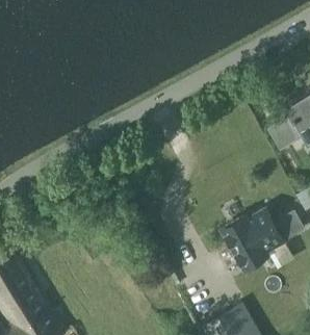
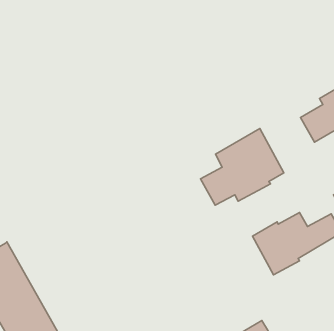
building: none -> [201,129,284,205]

